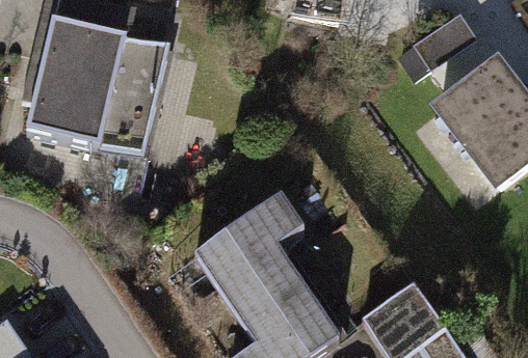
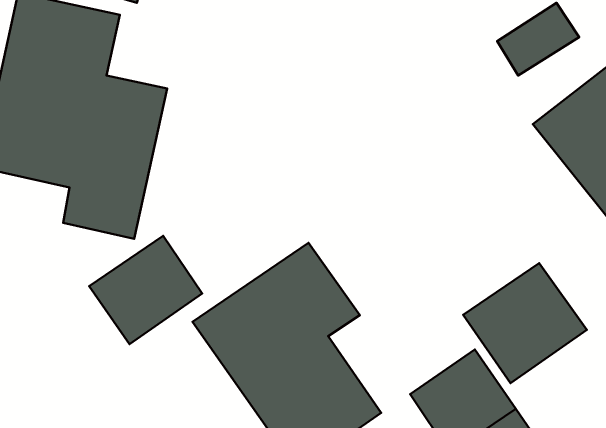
building: none -> [89,236,202,344]
building: none -> [463,263,587,383]

